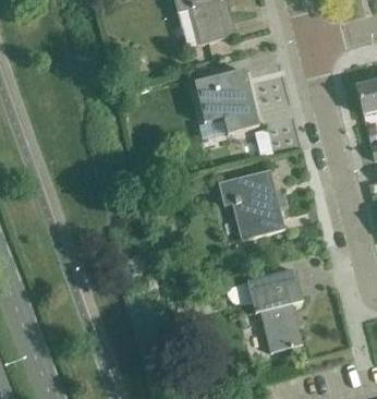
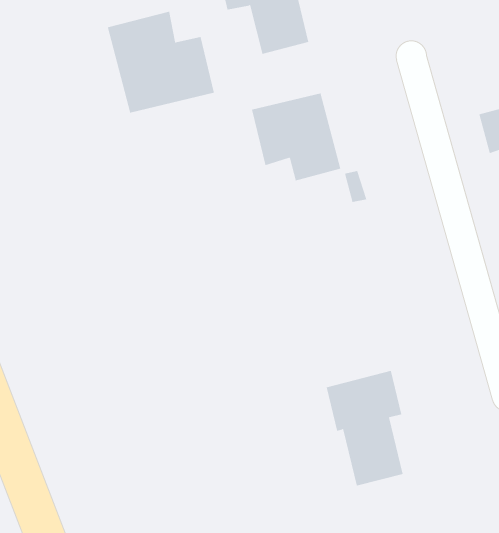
building: none -> [107,11,215,113]
building: [218,169,282,238] -> none

